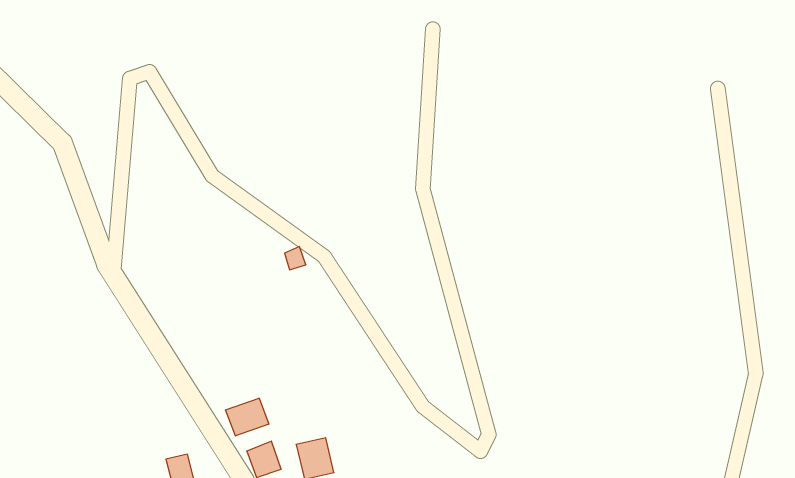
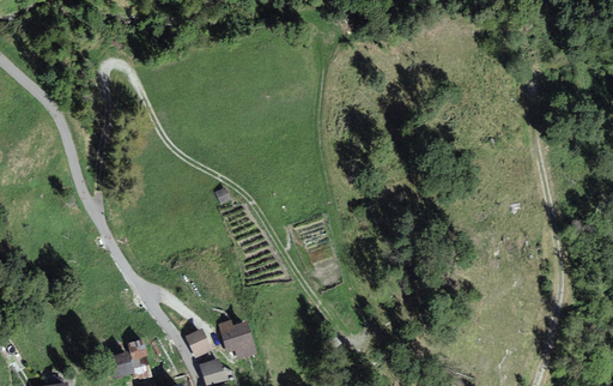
building: [226,398,269,436] -> none

